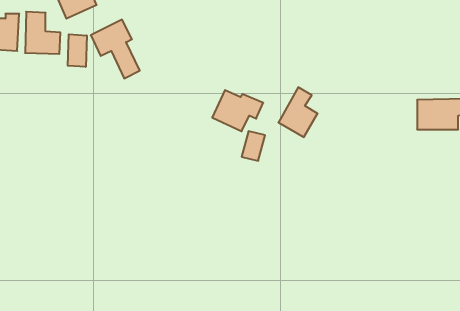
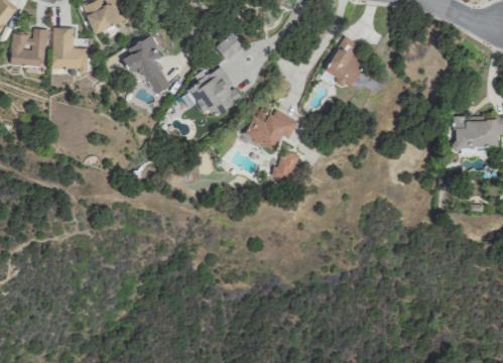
building: none -> [216,33,243,59]
building: [68,34,87,67] -> none
building: none -> [183,68,243,115]
building: [278,87,318,137] -> [325,36,365,88]

